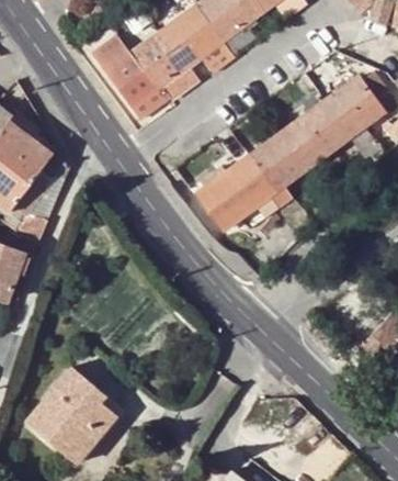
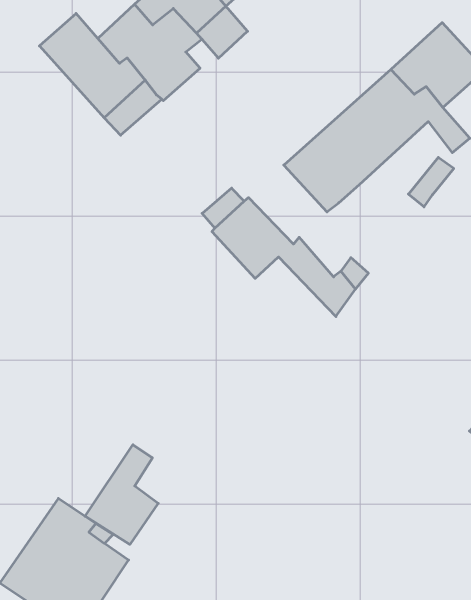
building: [224,154,294,209] -> none
building: none -> [85,445,158,544]

